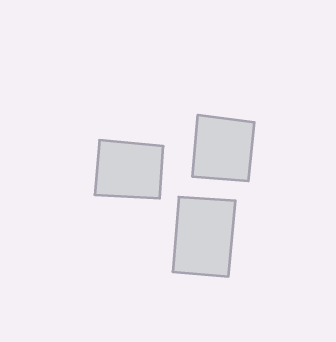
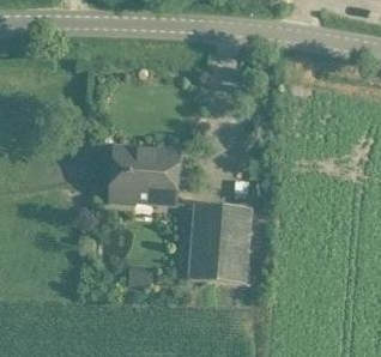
building: [193,115,254,181] -> none

